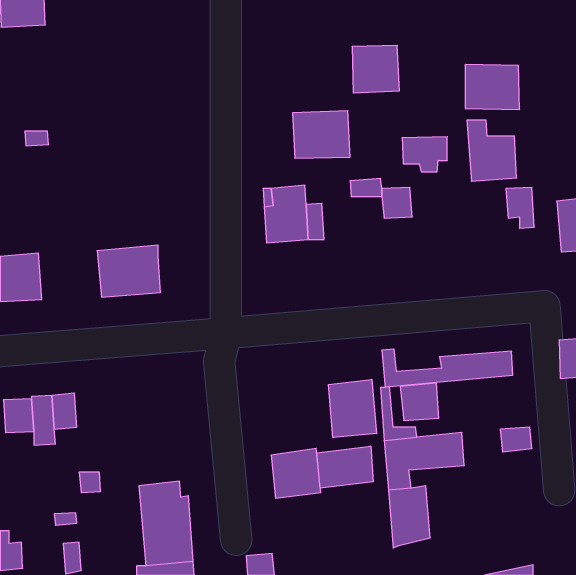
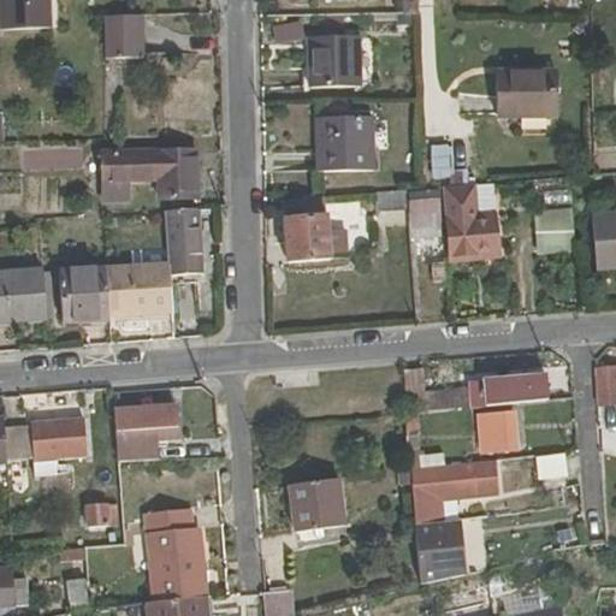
building: none -> [101,16,143,58]
building: [352,46,399,93] -> [309,36,360,87]
building: [467,120,517,181] -> [444,195,497,260]
building: none -> [100,148,200,201]
building: none -> [166,209,202,273]
building: none -> [60,267,109,322]
building: [328,379,376,438] -> none
building: none -> [113,405,178,460]
building: [400,383,439,420] -> [478,411,519,451]
building: [317,446,373,488] -> none

